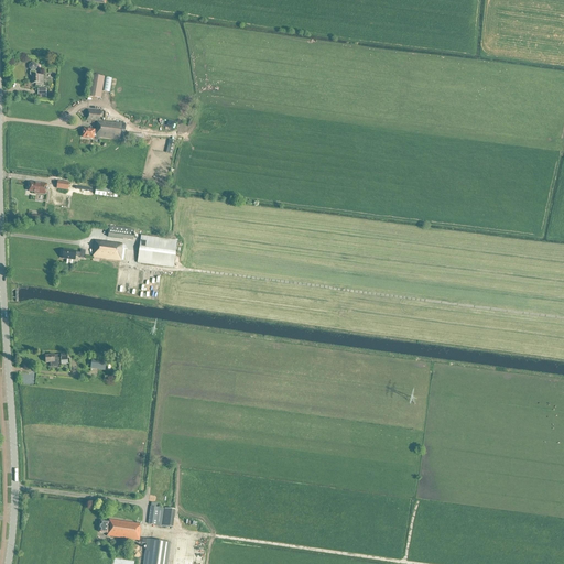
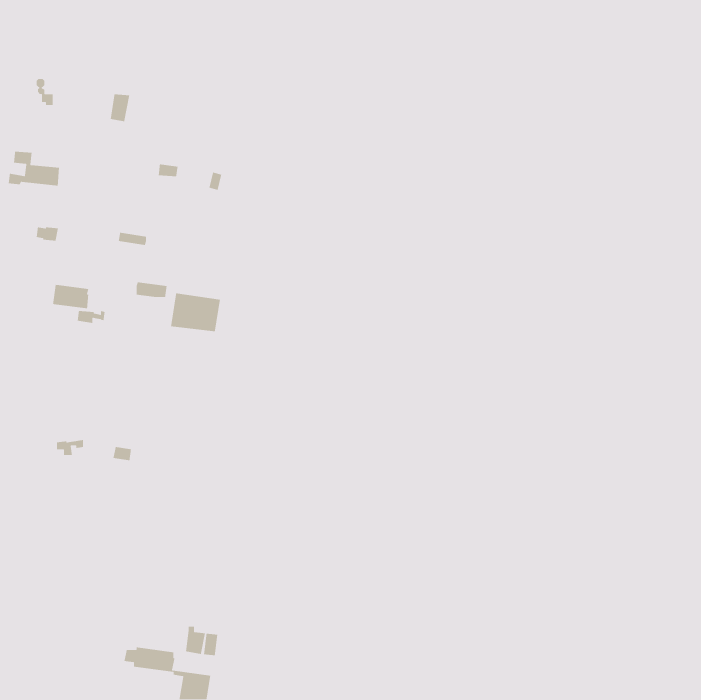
building: [83,109,124,139] -> [8,149,60,187]
building: [93,239,122,260] -> [52,283,89,309]

